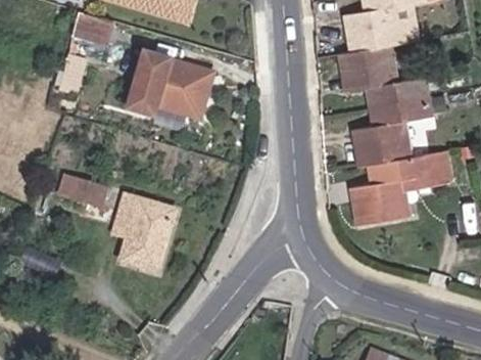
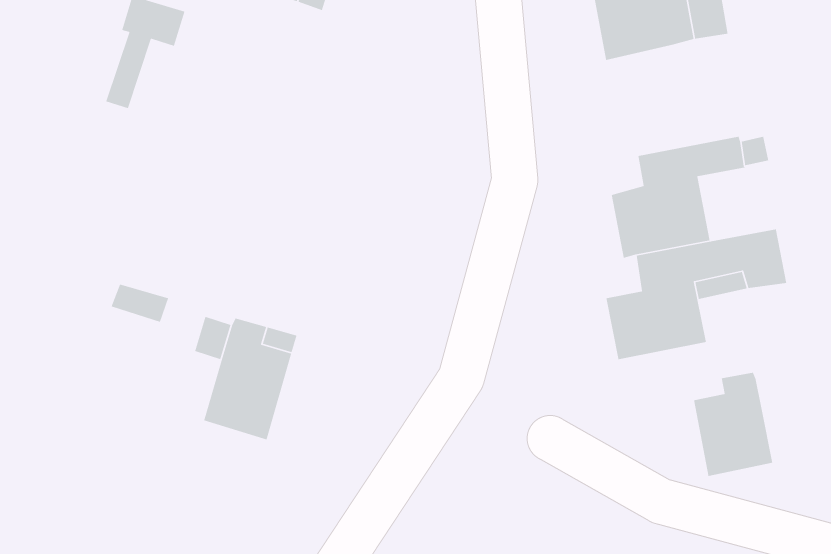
building: [339,44,427,107] -> none
building: [126,53,210,119] -> none
building: none -> [693,372,773,477]

